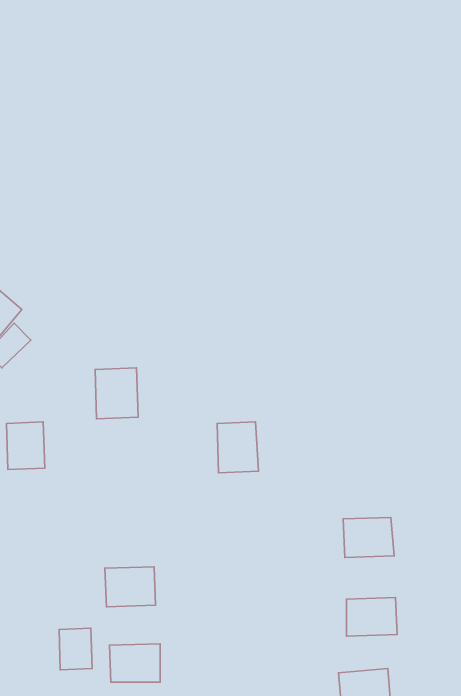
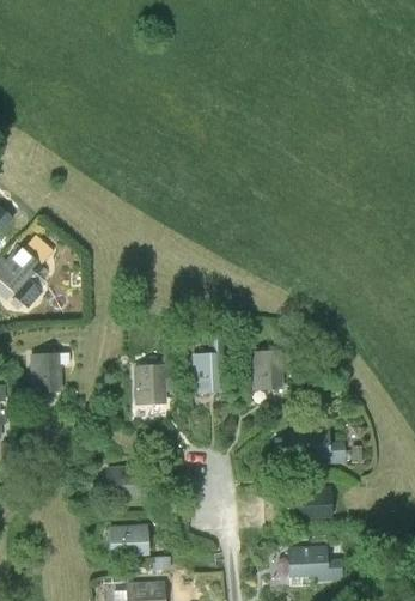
building: [95,368,138,419] -> [134,365,167,405]
building: none -> [250,351,283,389]
building: [59,628,92,670] -> none

